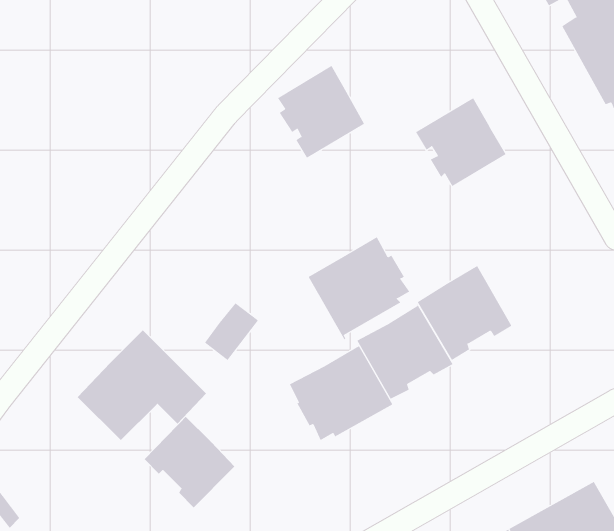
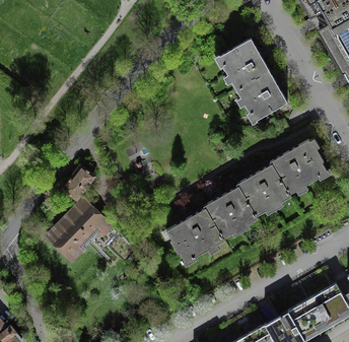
building: [277,65,365,158] -> [220,39,269,90]
building: [308,237,410,341] -> [270,140,327,198]
building: [204,302,259,361] -> [64,167,94,200]
building: [144,413,235,511] -> none

